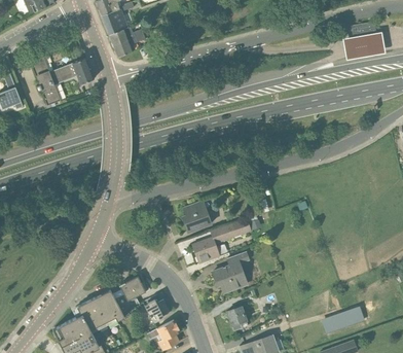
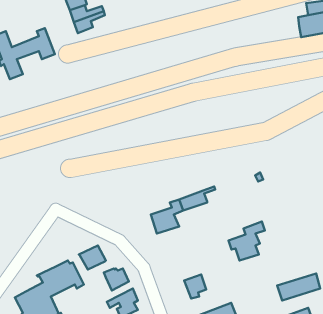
building: [182,202,211,228] -> none
building: [212,252,249,292] -> [229,221,265,260]

